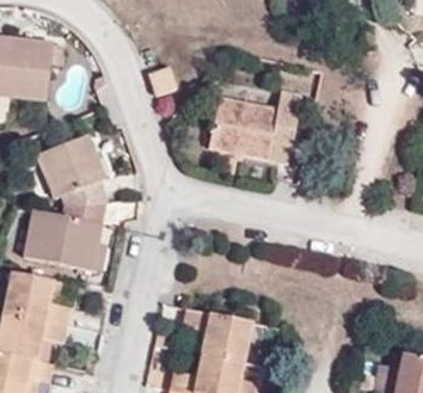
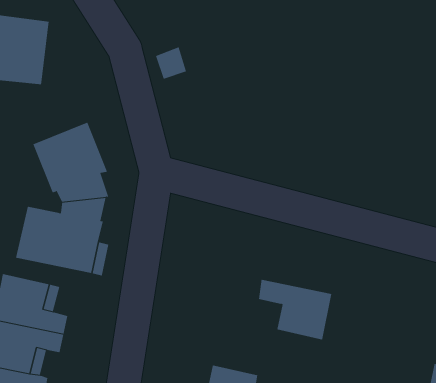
building: [210,91,302,165] -> none
building: [184,308,251,363] -> [258,279,332,340]

